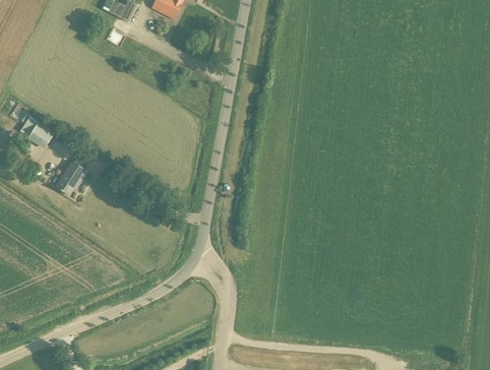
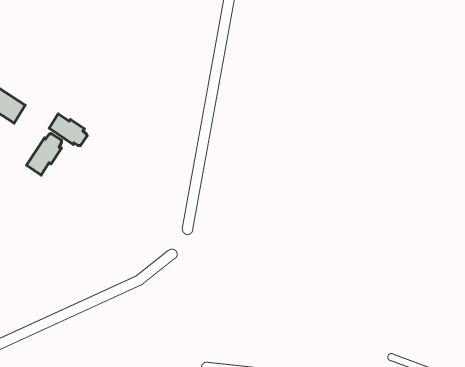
building: none -> [49,114,87,146]

